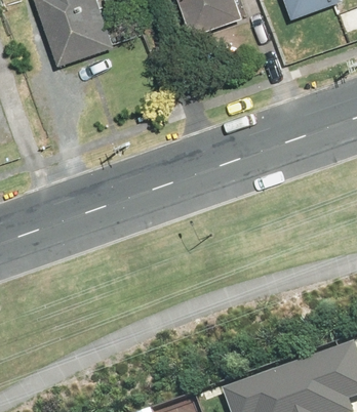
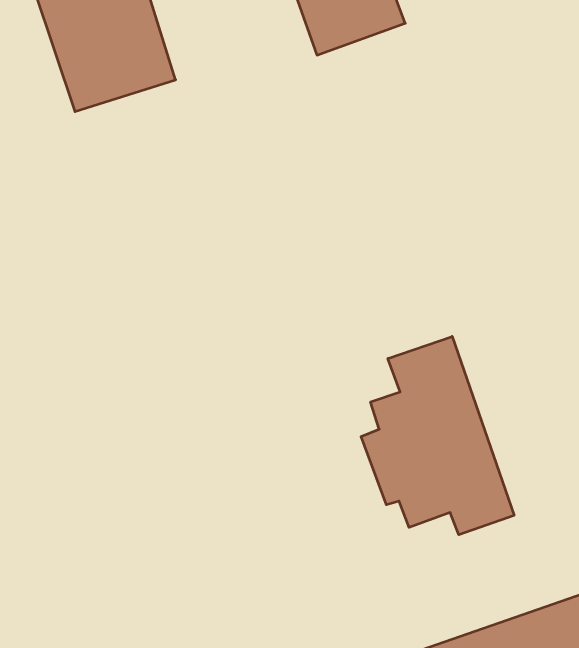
building: none -> [361,336,514,535]

